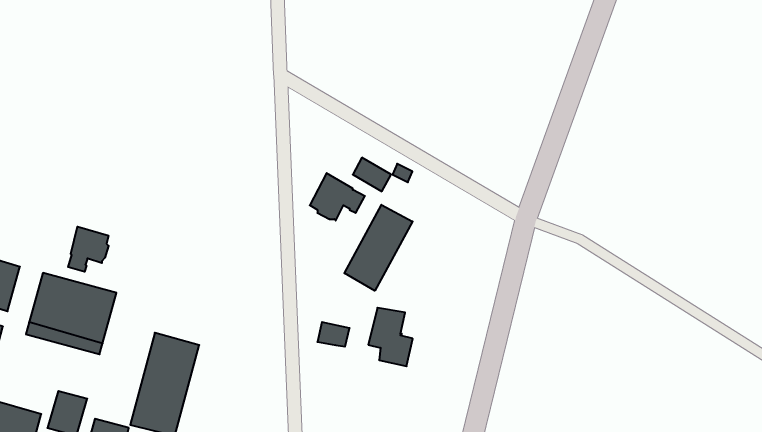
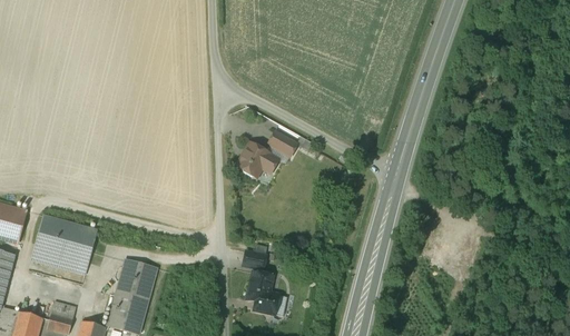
building: [344,205,413,291] -> none
building: [68,227,109,272] -> none
building: [368,308,413,366] -> [246,271,278,314]

